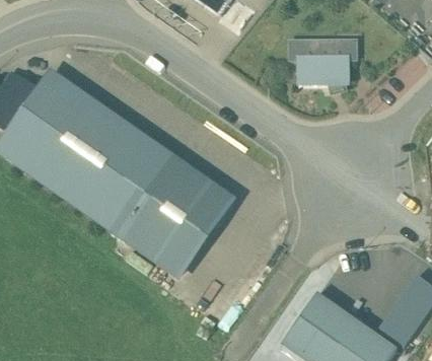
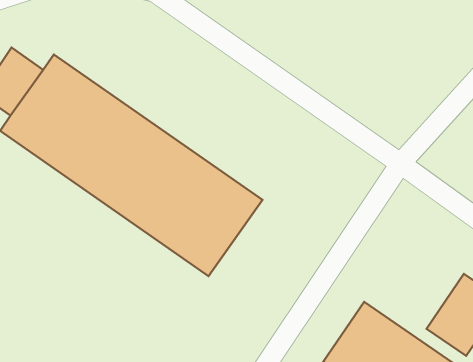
building: [291,40,357,90] -> none

